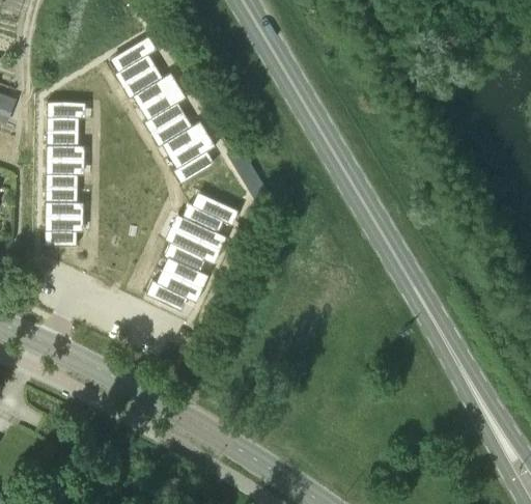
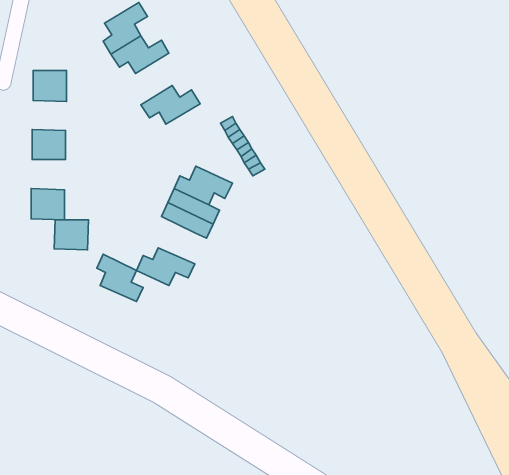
building: [144,85,187,135] -> none
building: [47,131,80,160] -> none
building: [173,134,216,184] -> none
building: [46,188,79,217] -> [54,220,88,250]
building: [165,243,209,288] -> [97,254,143,302]

